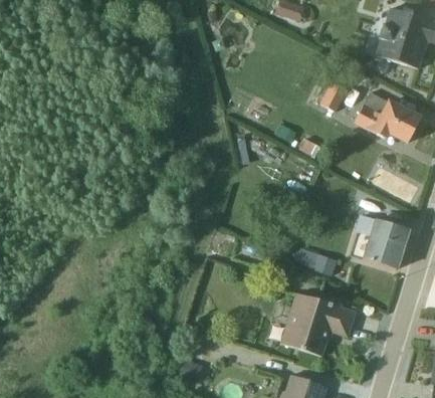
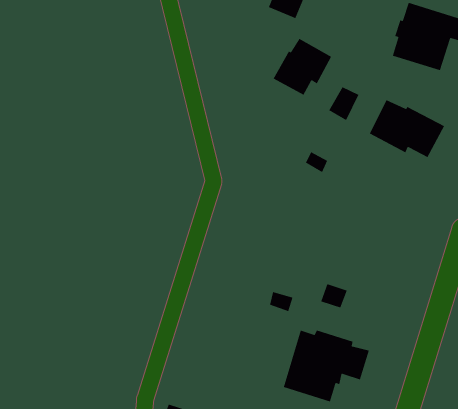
building: none -> [273,38,332,96]
building: [356,214,409,268] -> none

